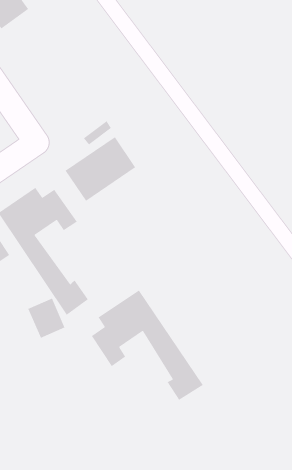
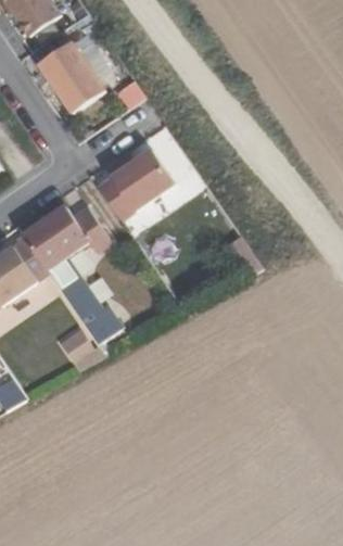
building: none -> [35,41,102,113]
building: [91,290,204,401] -> none

